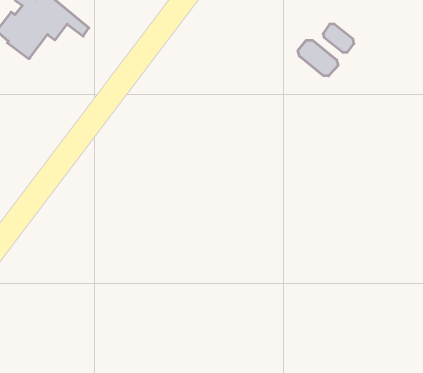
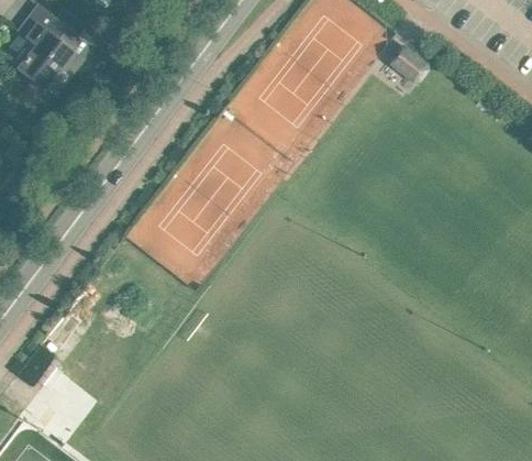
building: [298,40,338,76] -> none

